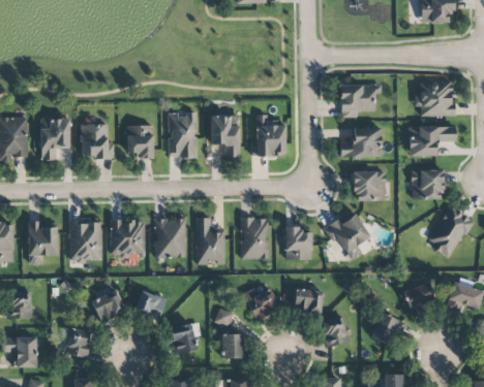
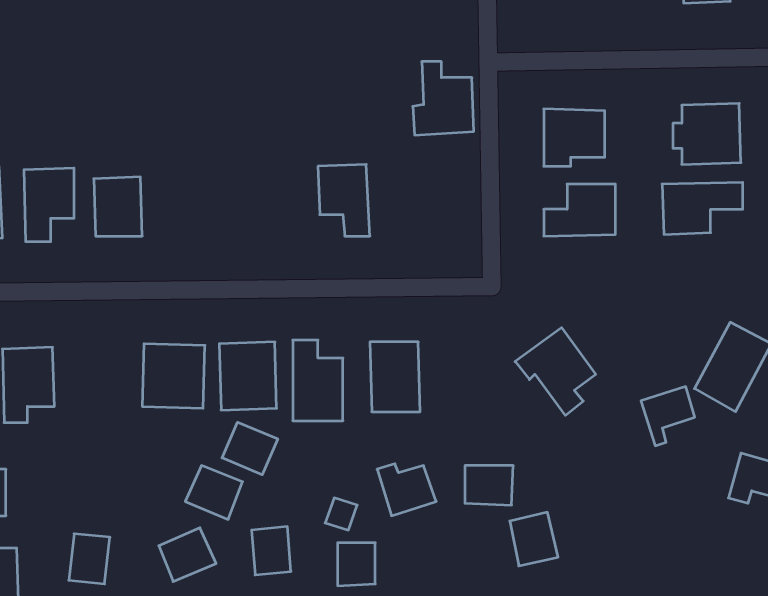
building: [168,111,198,157] -> none
building: [250,115,285,157] -> [413,62,474,135]
building: [125,125,153,159] -> none
building: [411,169,444,199] -> none
building: [354,171,386,200] -> none
building: [69,221,101,261] -> none
building: [284,226,312,259] -> none
building: none -> [222,422,278,475]
building: [403,282,434,316] -> [641,387,695,446]
building: [92,290,125,321] -> [159,528,216,582]
building: [372,313,397,343] -> none

